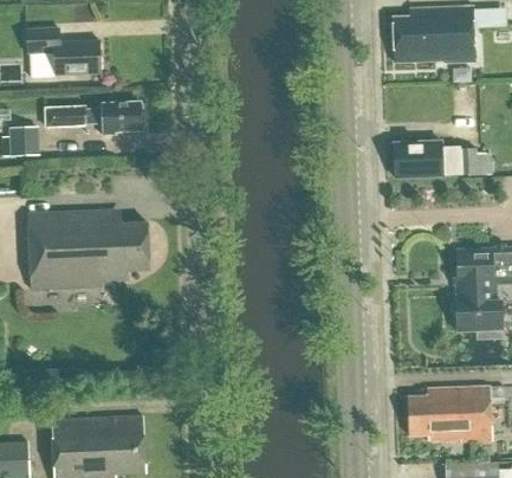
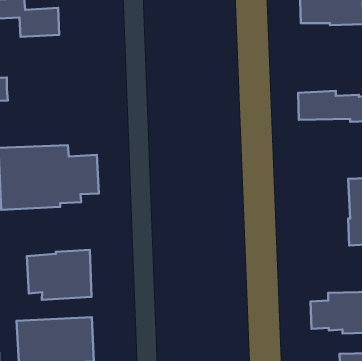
building: [46,103,141,135] -> none
building: none -> [27,250,91,300]

